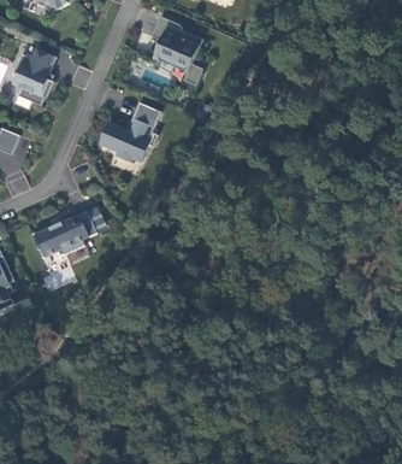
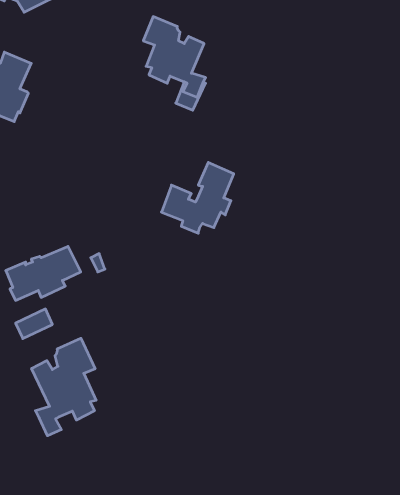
building: [97,101,159,161] -> [161,162,234,233]
building: none -> [32,338,96,436]

